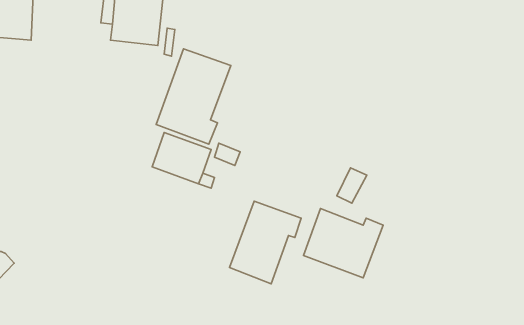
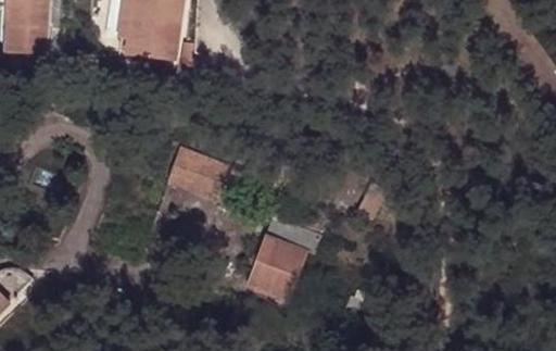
building: [156,49,231,144] -> none
building: [303,208,383,278] -> none

